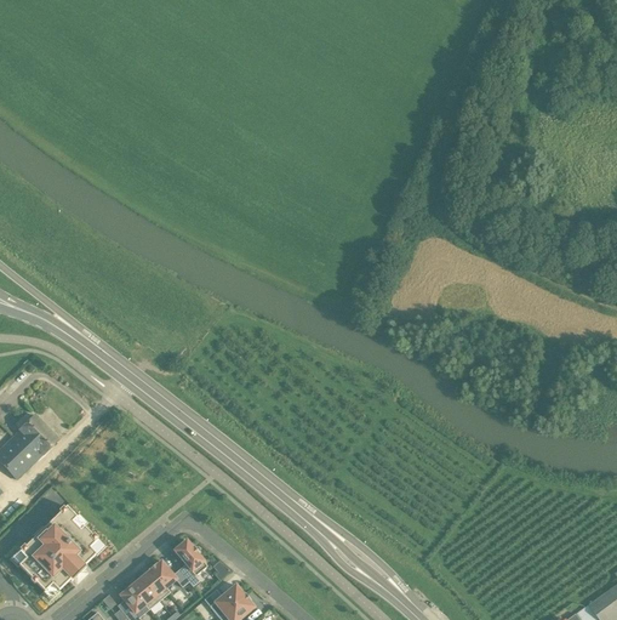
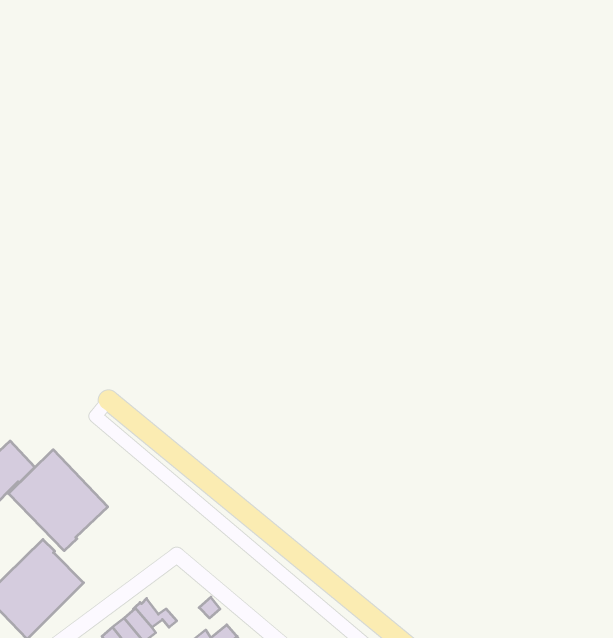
building: none -> [8,450,108,551]
building: [173,539,207,585] -> none

